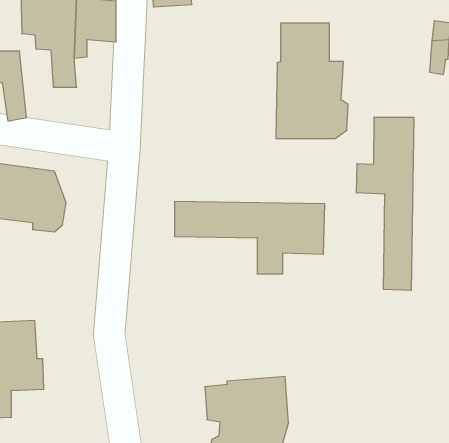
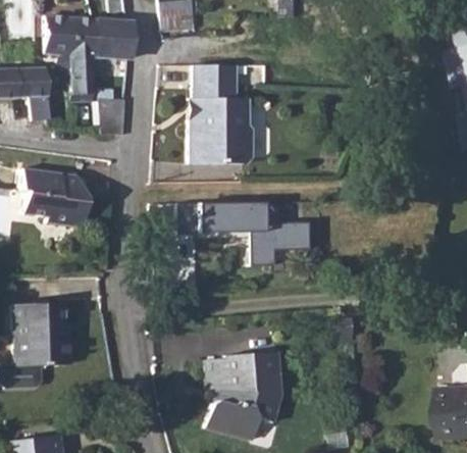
building: [276,23,348,138] -> [187,65,250,166]
building: none -> [99,98,126,136]
building: [356,117,414,291] -> none

